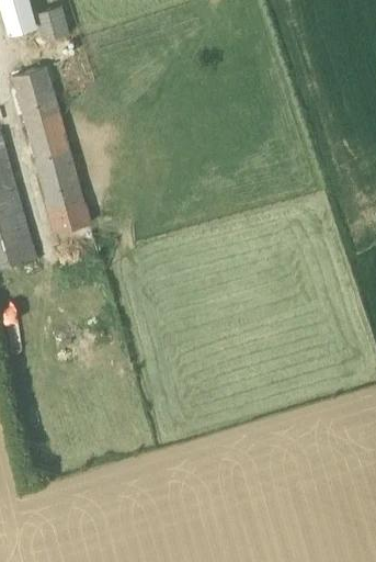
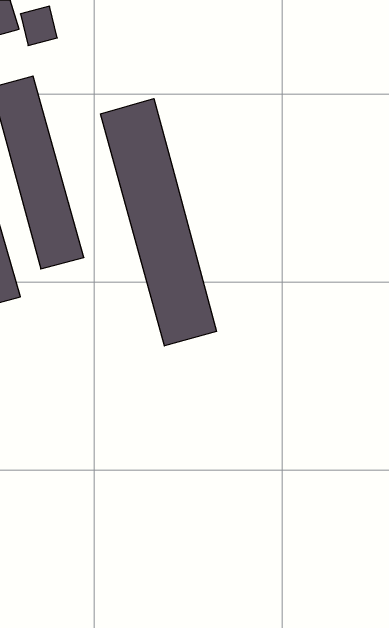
building: none -> [100,99,217,346]

